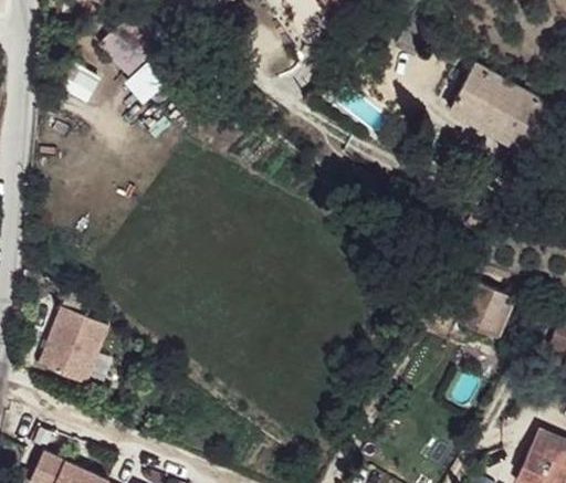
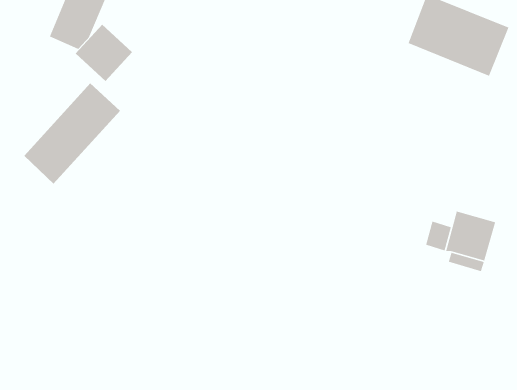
building: none -> [24,83,121,184]
building: [39,305,113,384] -> none

